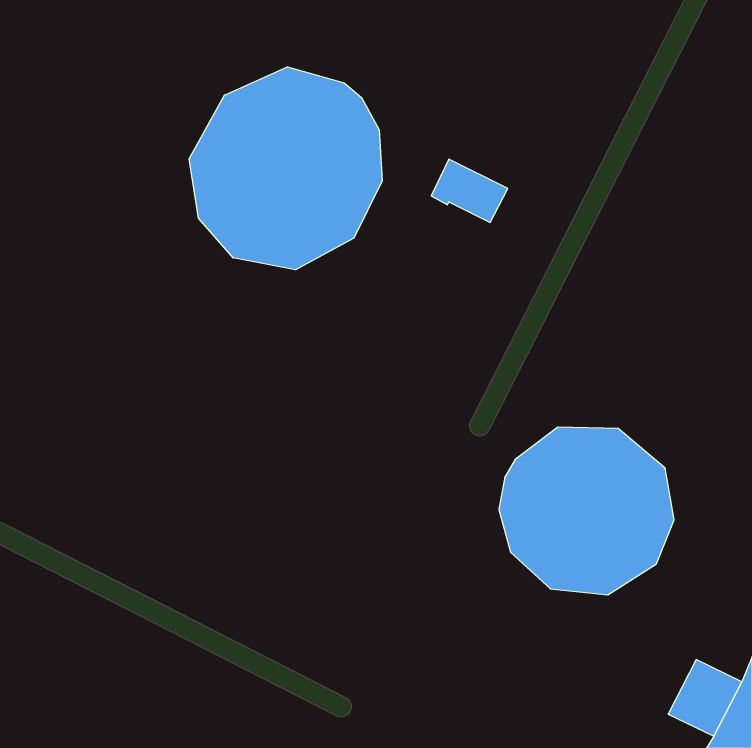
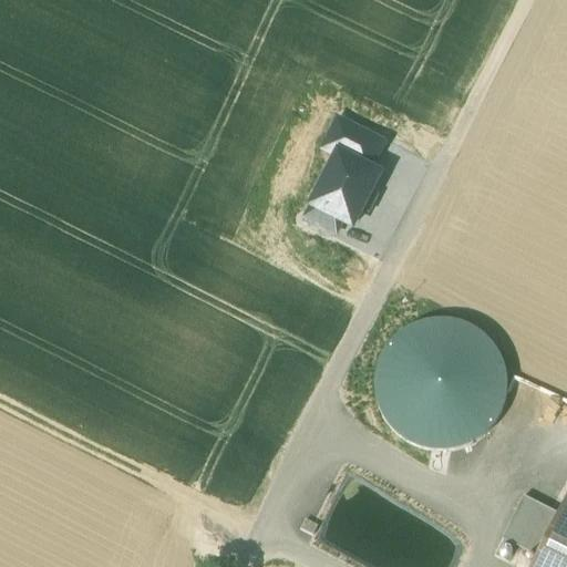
building: [189,67,382,270] -> none
building: none -> [306,152,379,231]

